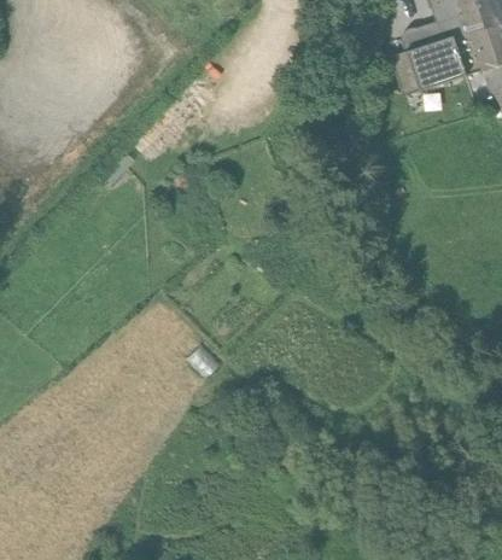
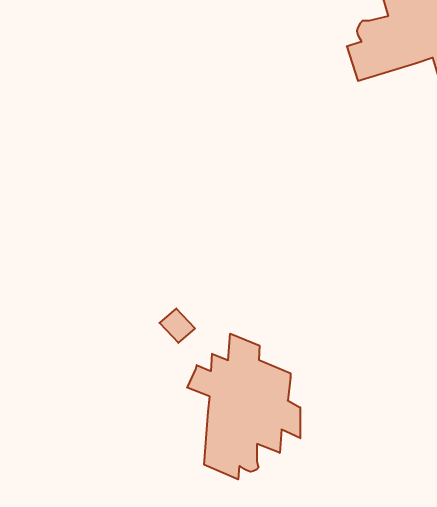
building: none -> [187,334,300,479]

